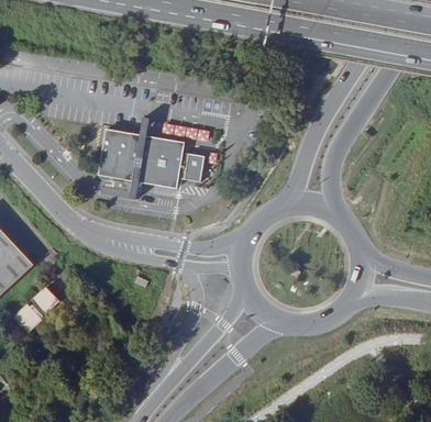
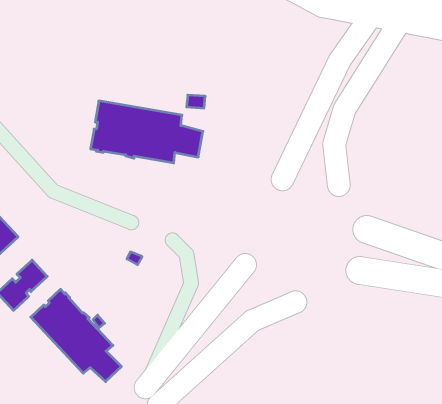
building: none -> [31,289,121,382]

